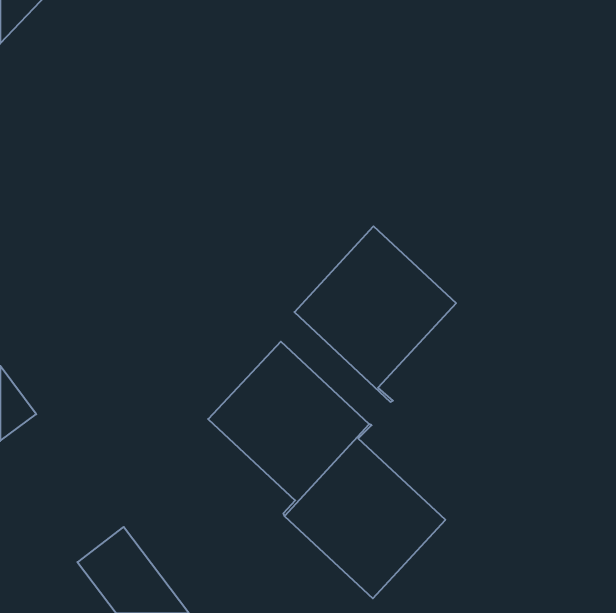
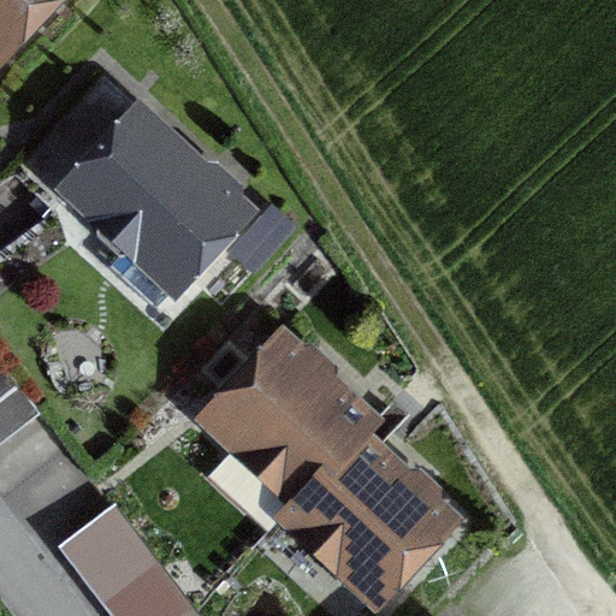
building: none -> [65,109,245,286]
building: [294,226,456,402] -> none

